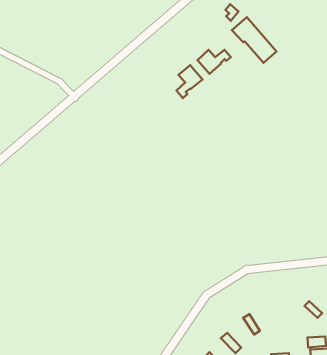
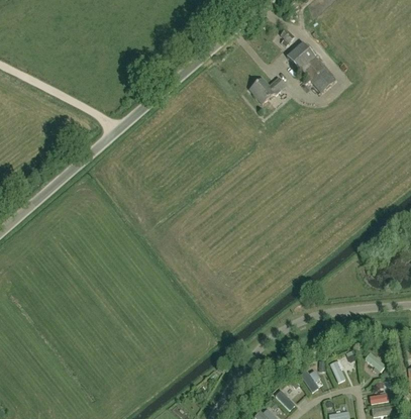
building: [176,65,202,98] -> none

